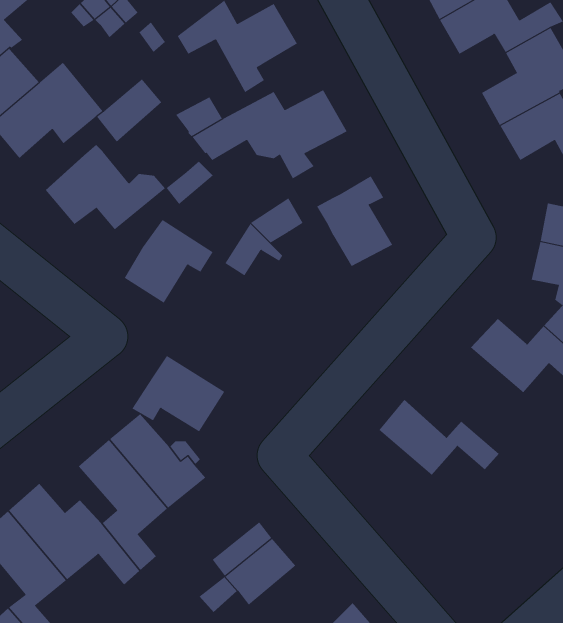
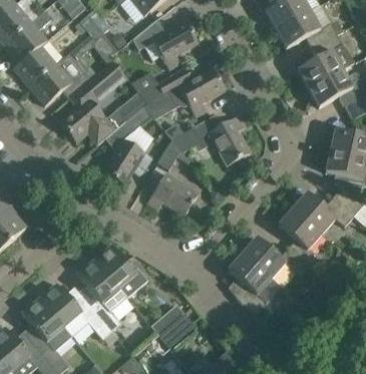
building: none -> [278,209,321,267]
building: [132,355,225,432] -> [146,172,198,215]
building: none -> [228,254,271,317]

